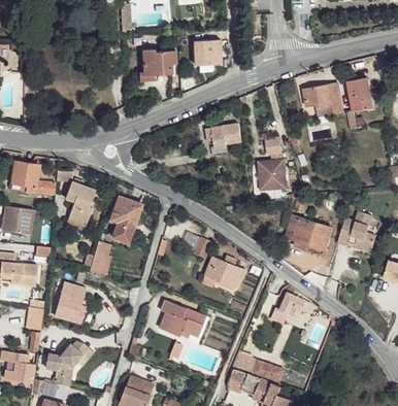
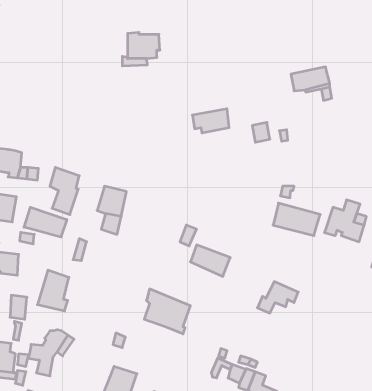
building: [193,39,220,65] -> none
building: [346,77,370,111] -> none
building: [259,159,287,190] -> none
building: none -> [24,207,67,237]

